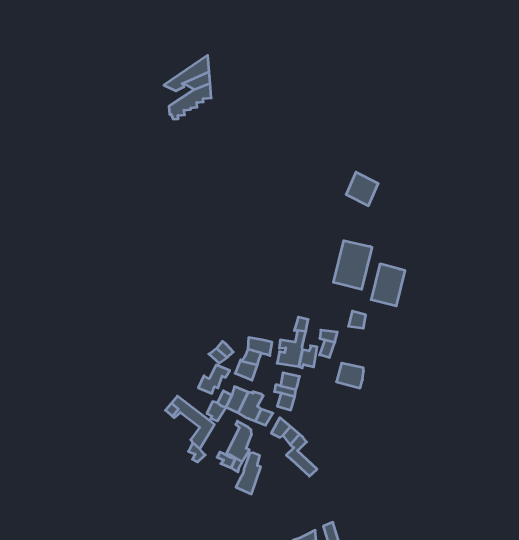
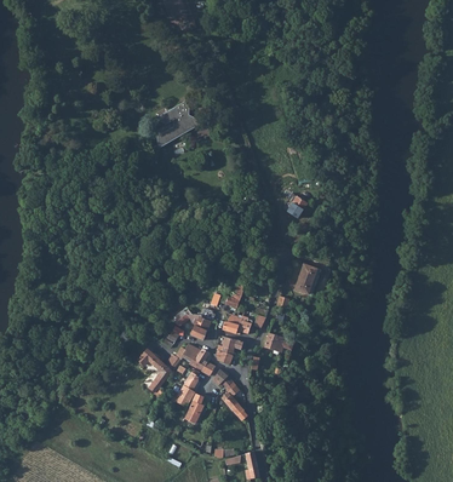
building: [333,241,372,289] -> none

